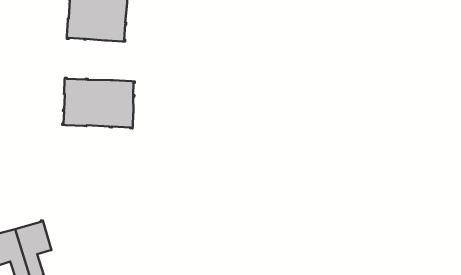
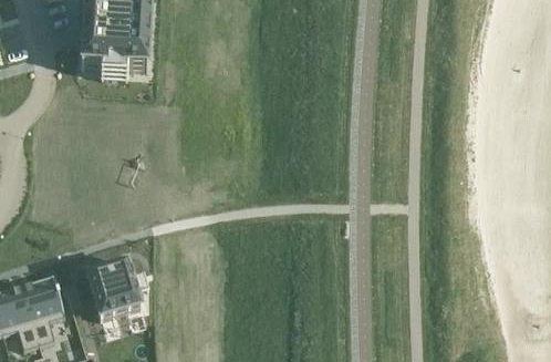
building: [62,78,135,128] -> none
building: none -> [86,262,141,319]

